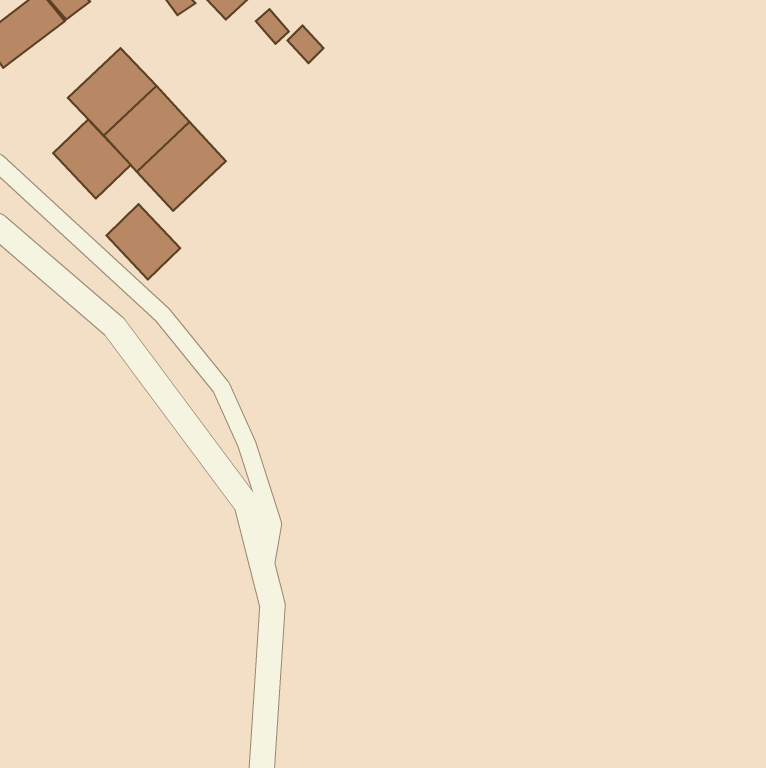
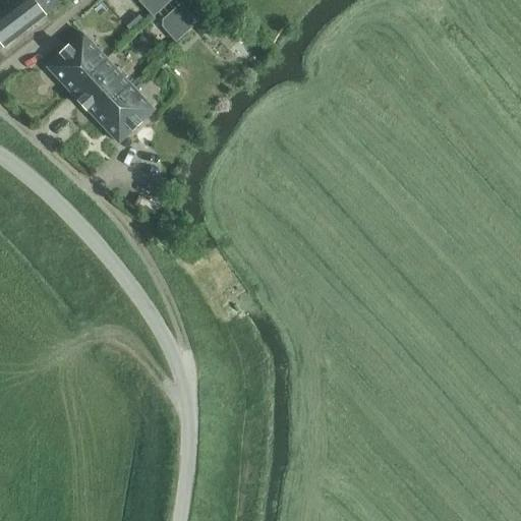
building: [53,120,131,199] -> none
building: [106,204,180,279] -> none

